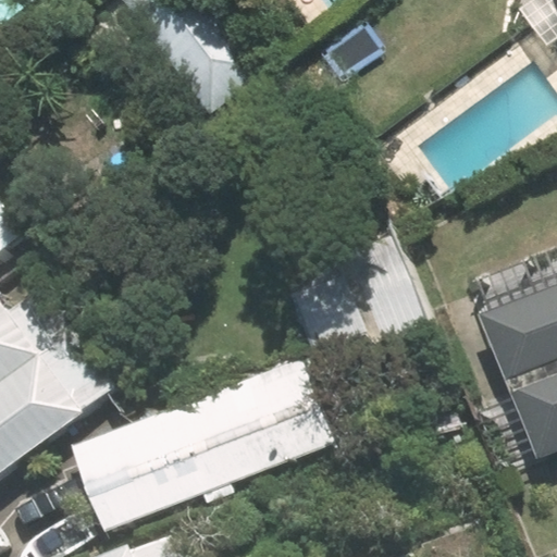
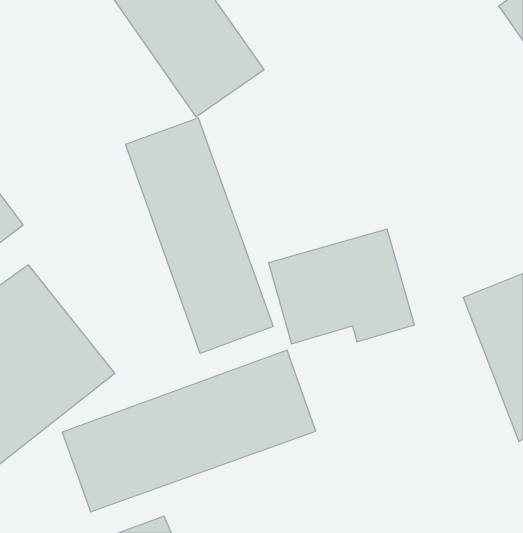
building: none -> [126,118,273,353]

